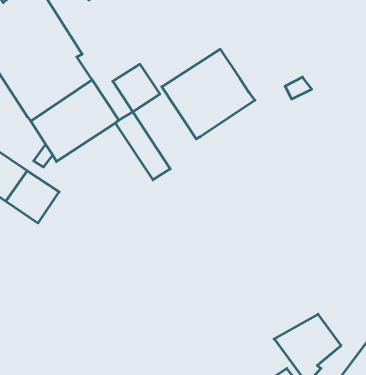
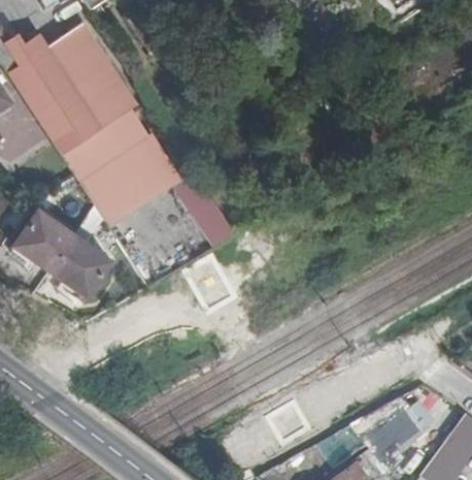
building: [162,49,255,139] -> none
building: [113,64,160,112] -> none

